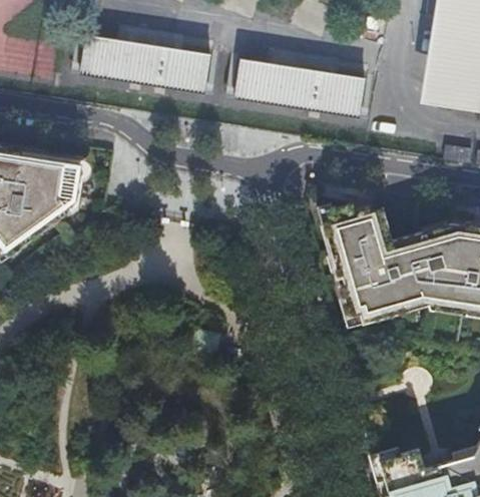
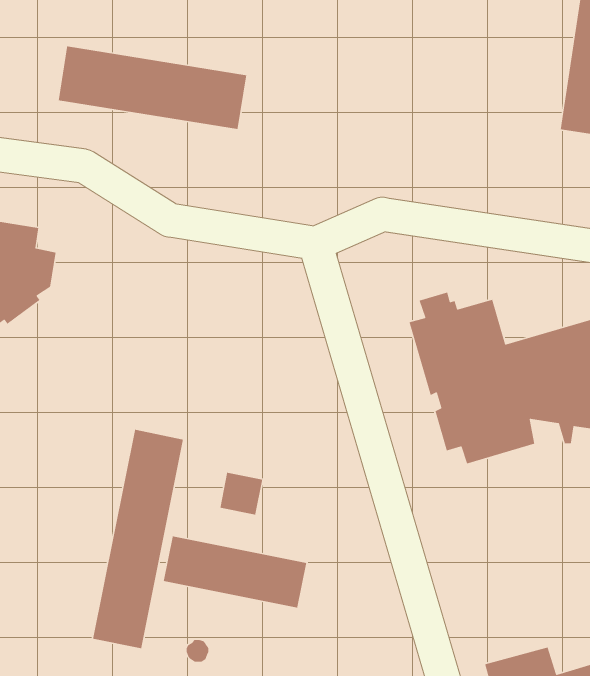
building: [233,59,364,116] -> none
building: none -> [92,429,184,649]
building: none -> [163,536,307,608]

